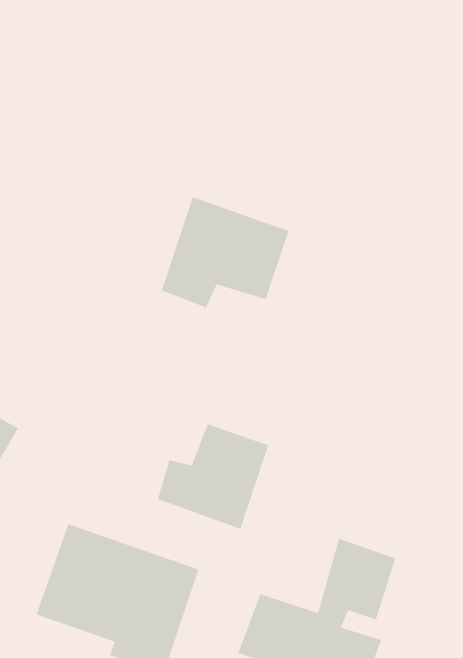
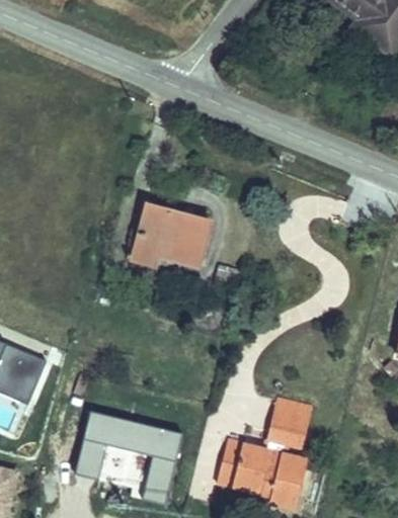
building: [157,423,269,530] -> none

